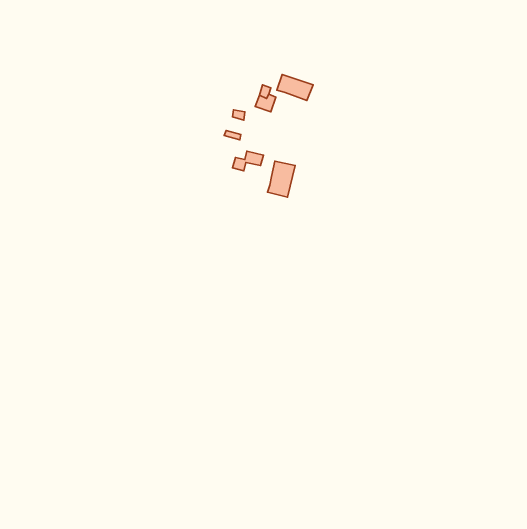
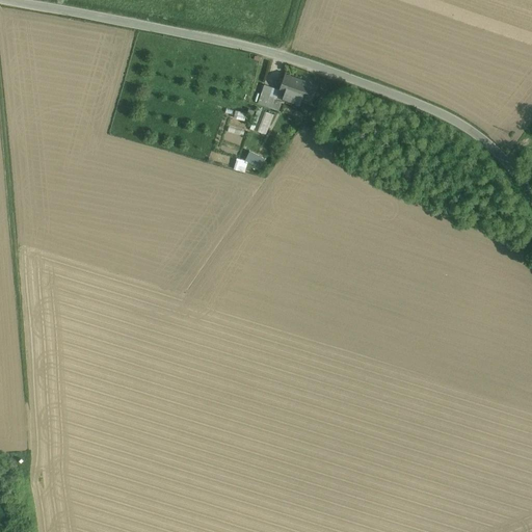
building: [267,161,295,197] -> none

